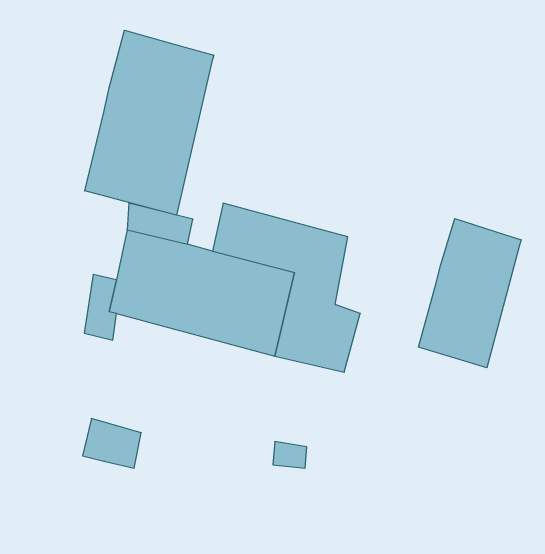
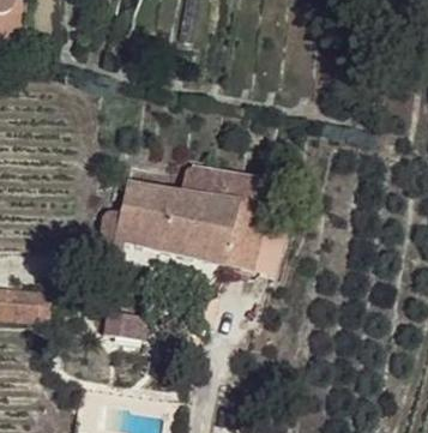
building: [85,30,214,215] -> none
building: [418,219,521,368] -> none

